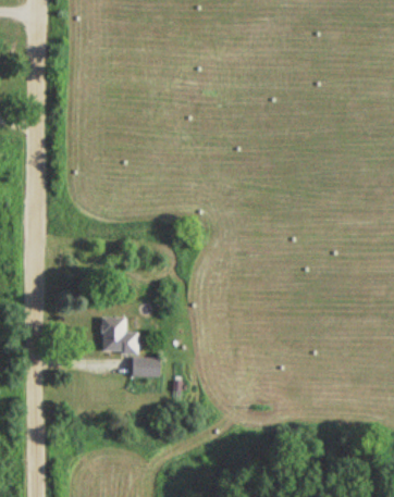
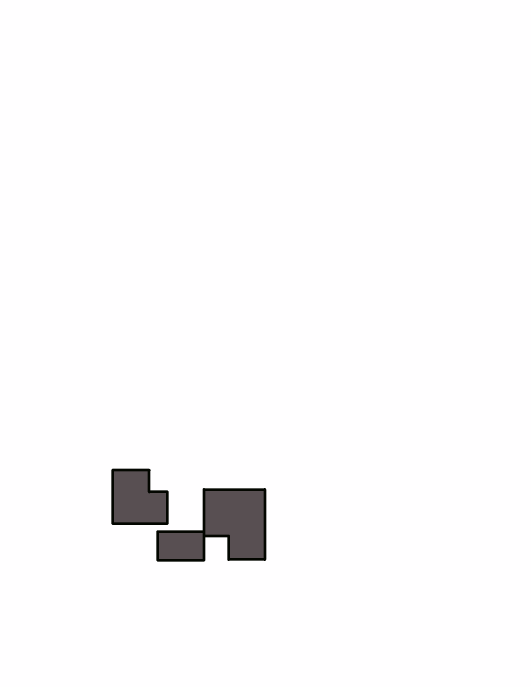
building: none -> [204,489,265,560]

